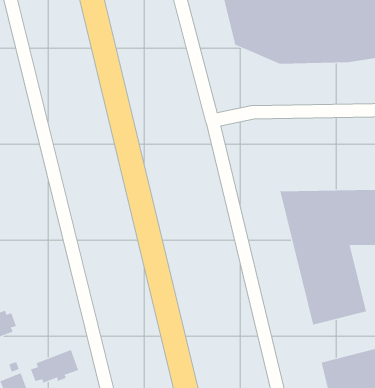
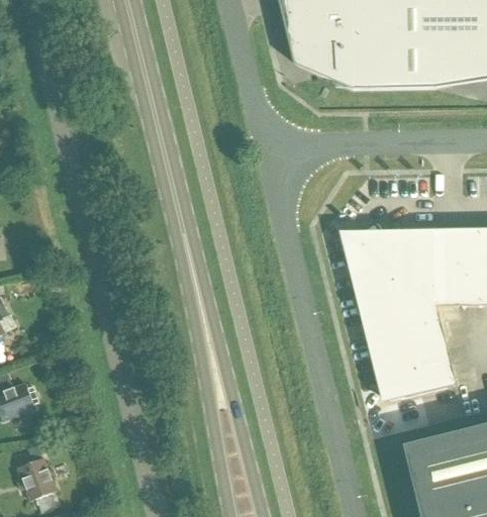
building: [30,349,79,383] -> none

